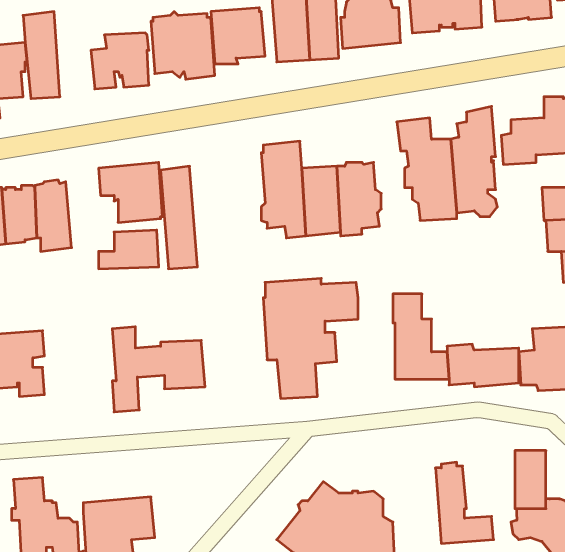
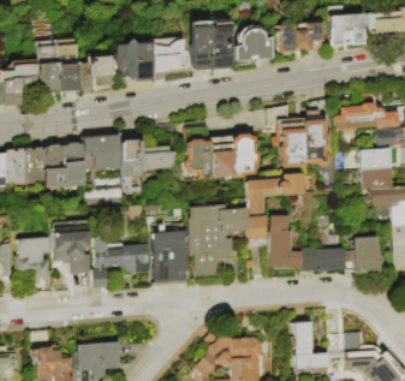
building: none -> [56,38,81,93]
building: none -> [64,143,87,186]
building: none -> [142,145,178,169]
building: none -> [245,173,304,248]
building: none -> [53,231,91,274]
building: none -> [151,231,187,284]

